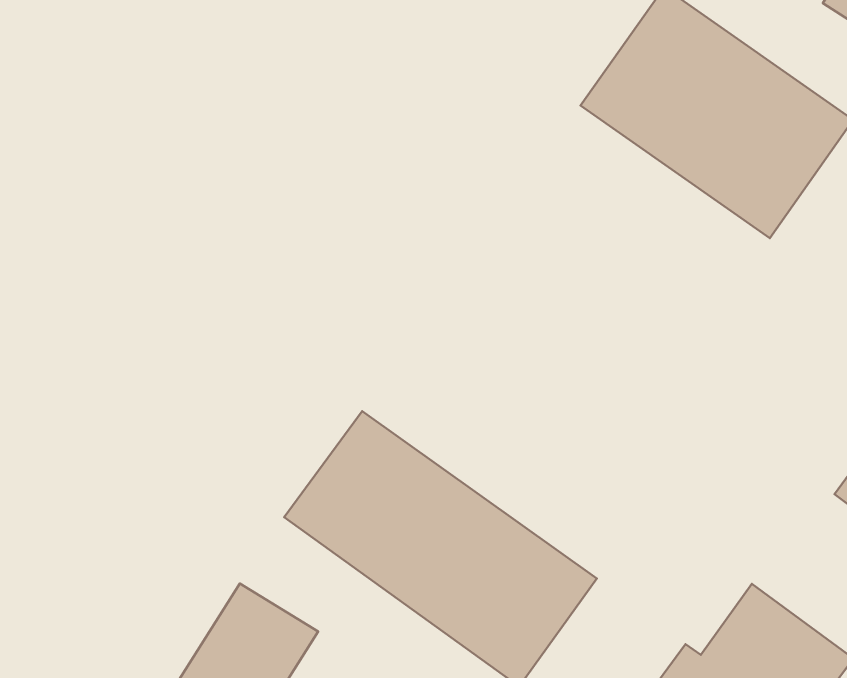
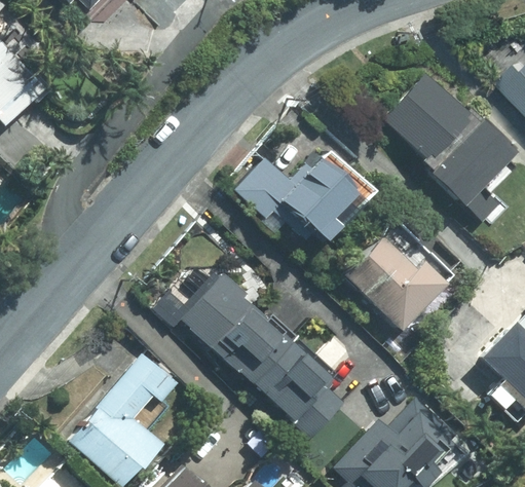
building: none -> [233,144,384,255]
building: none -> [336,212,459,334]

